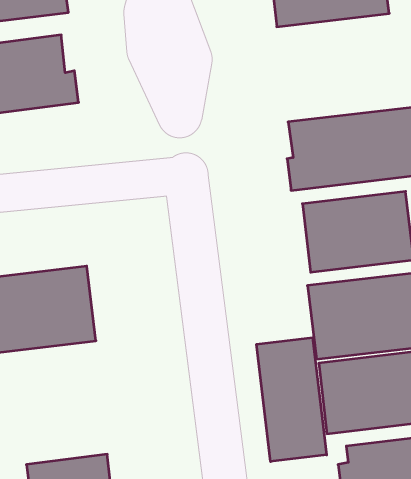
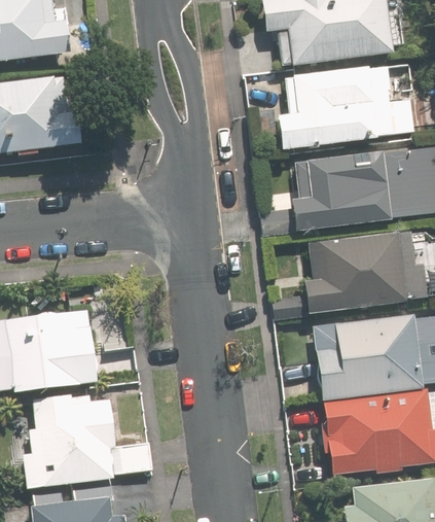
building: none -> [279,64,409,148]
building: [257,338,327,462] -> none
building: none -> [24,393,152,488]

